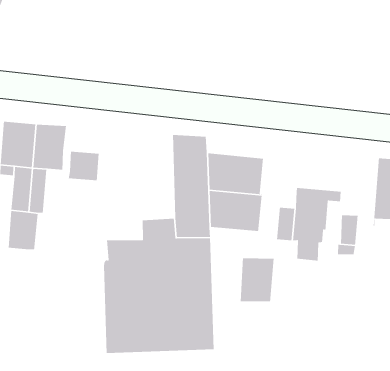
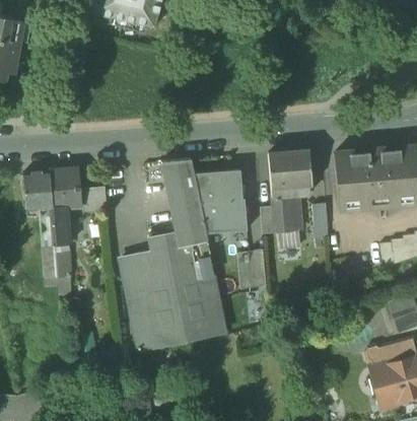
building: none -> [268,150,311,189]

